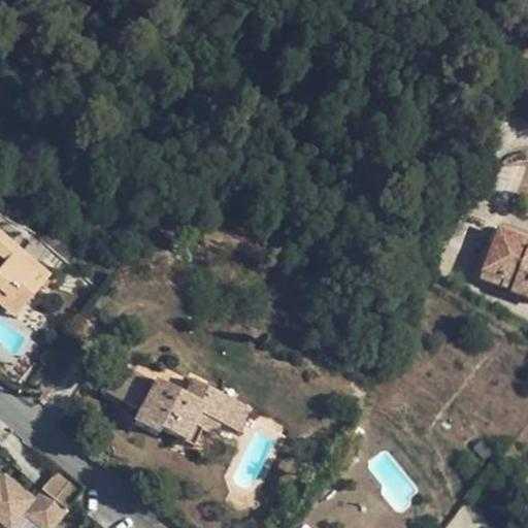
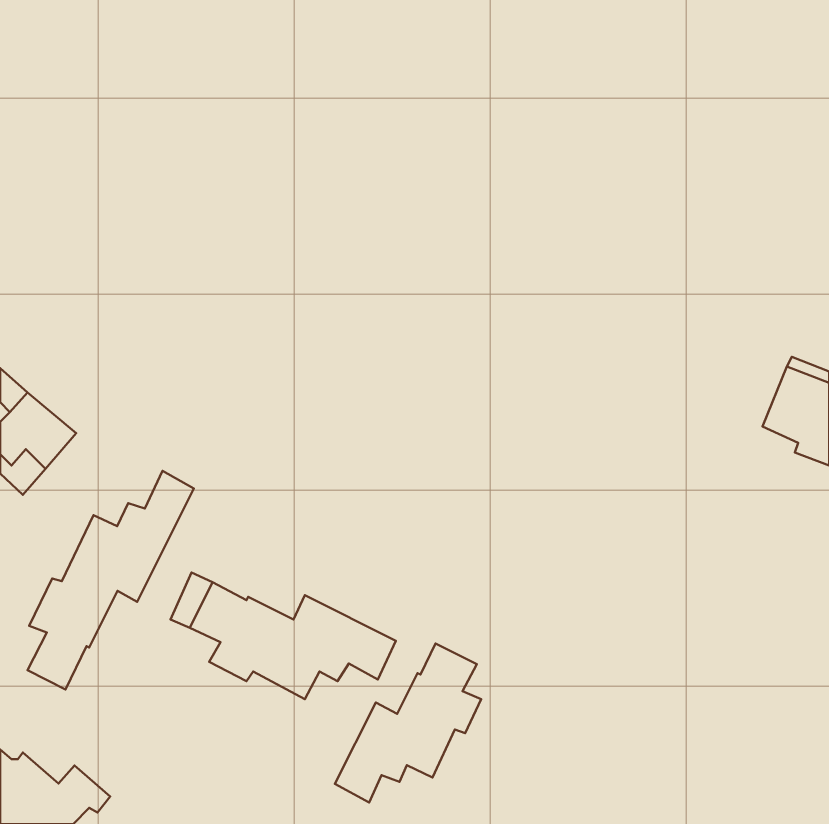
building: none -> [27,471,194,689]
building: none -> [335,643,481,802]

